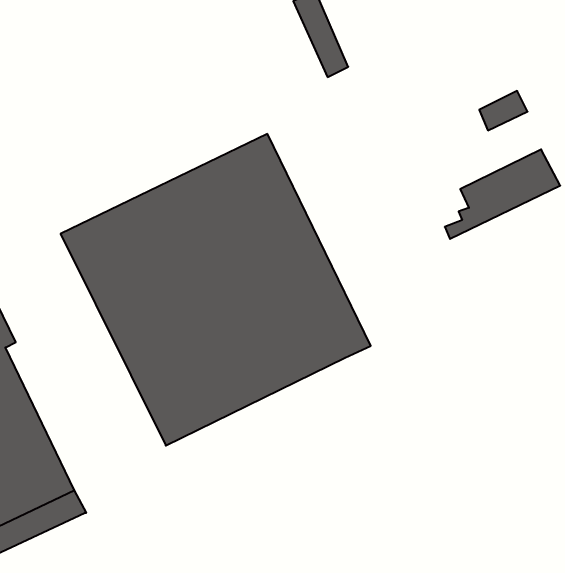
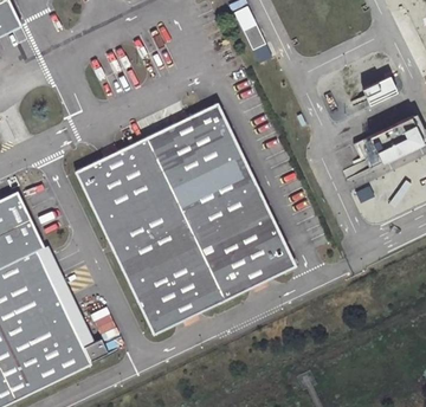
building: none -> [147,248,296,334]

